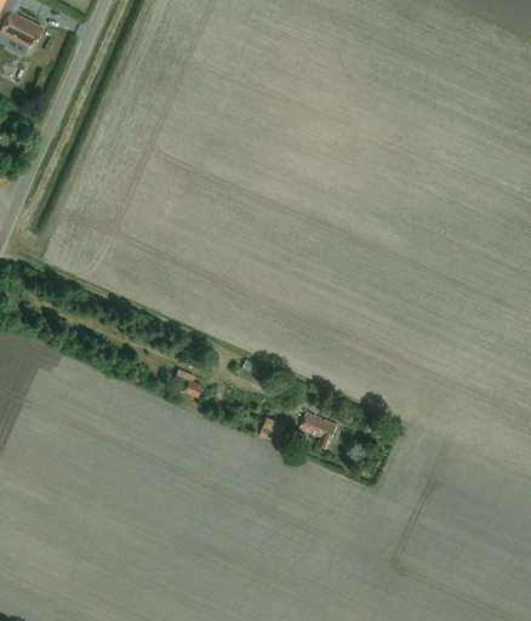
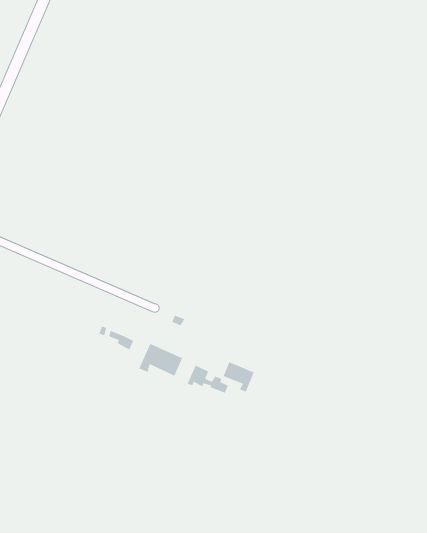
building: none -> [138,343,183,377]

